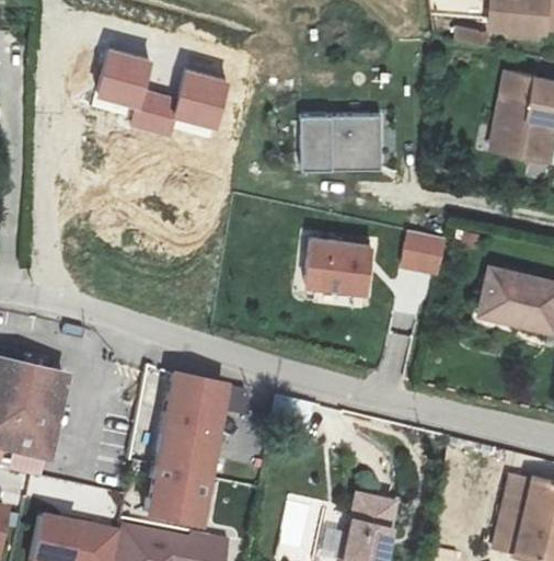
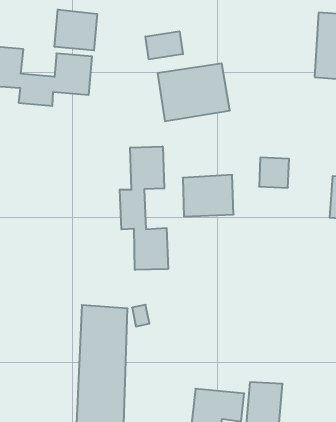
building: none -> [55,9,97,51]
building: none -> [145,31,183,59]
building: none -> [120,146,168,270]

